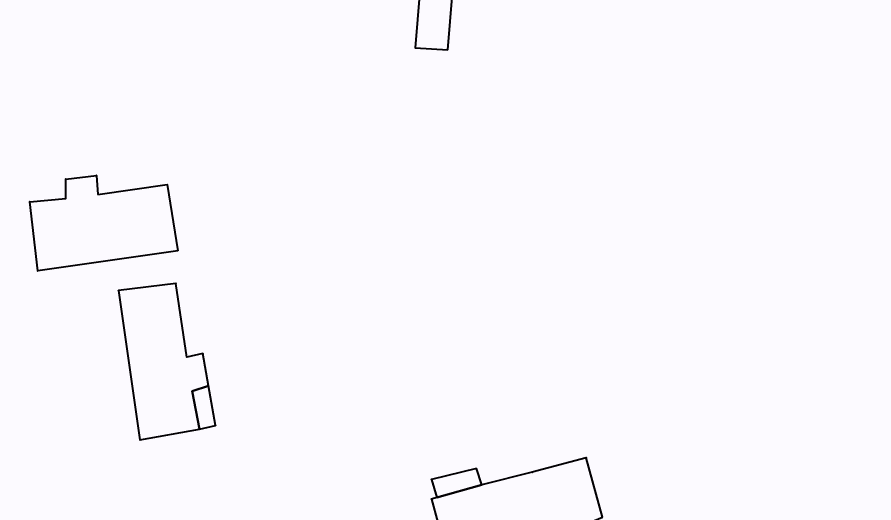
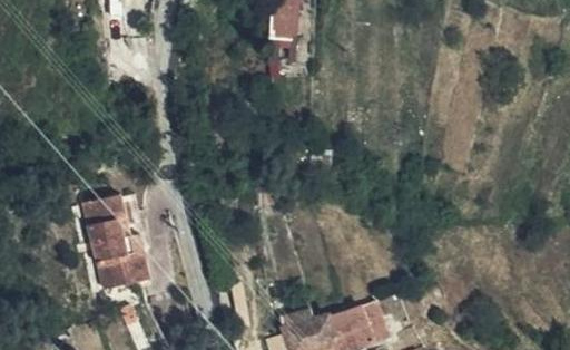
building: [30,175,178,271] -> none

